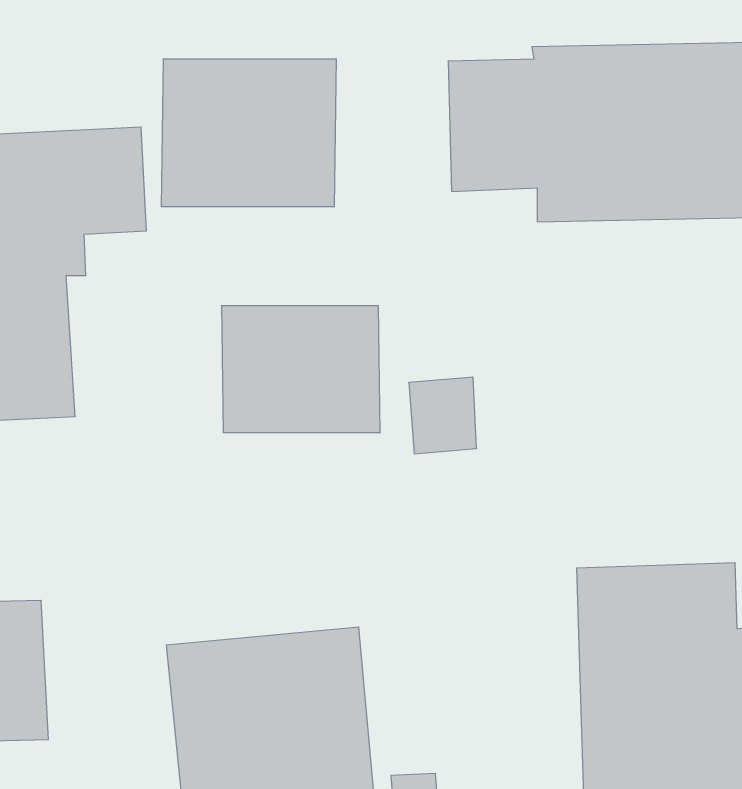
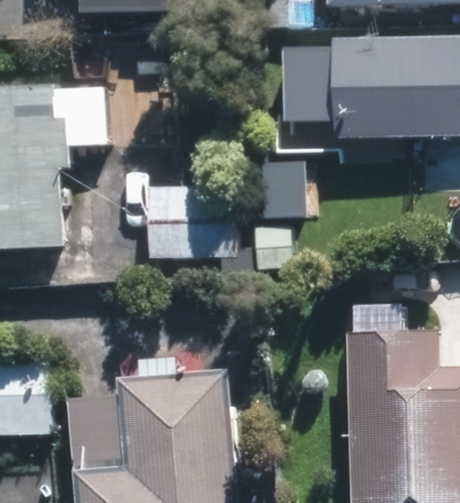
building: [162,59,336,207] -> none

